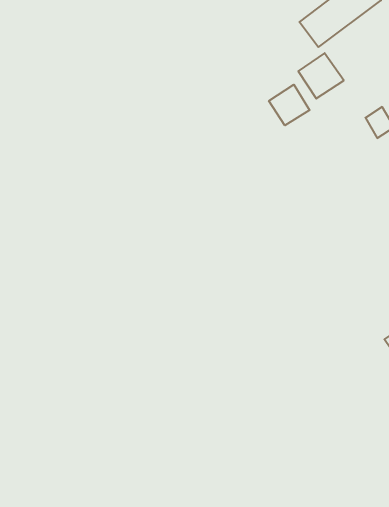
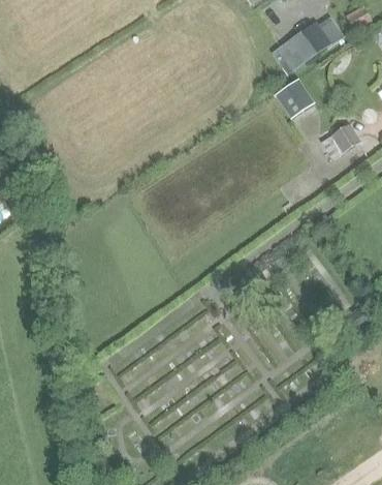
building: [269,85,310,125] -> none

